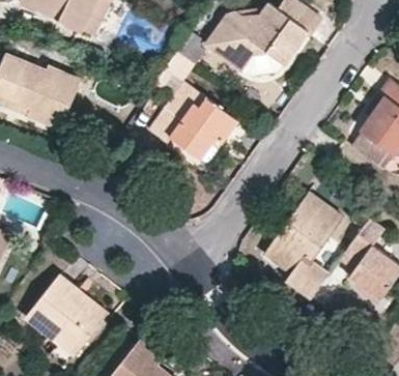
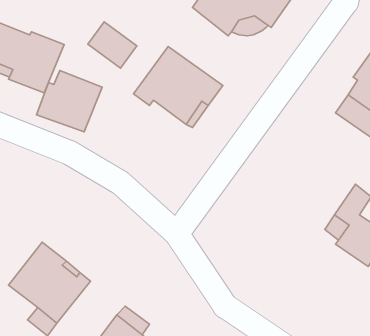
building: none -> [88,22,137,68]
building: none -> [36,71,102,132]
building: [264,192,343,298] -> none

